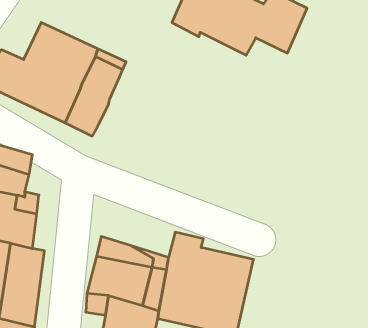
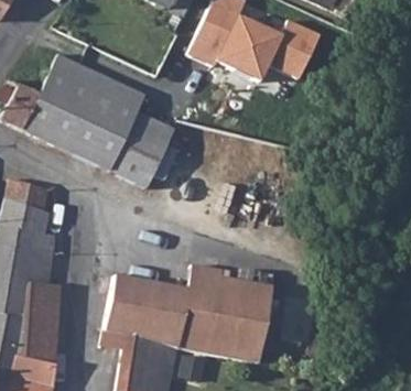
building: none -> [110,110,175,187]

